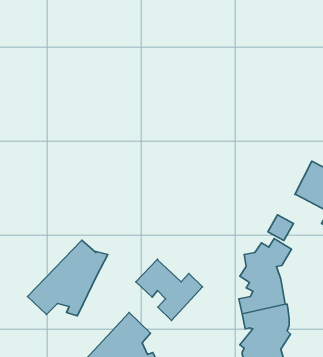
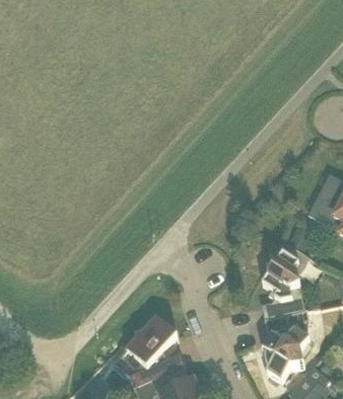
building: [27,240,108,316] -> none
building: [136,259,203,320] -> none

